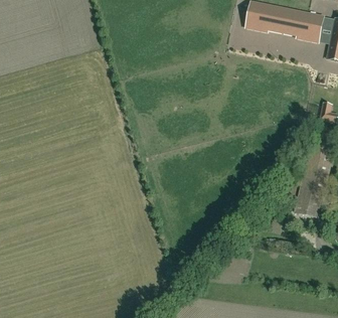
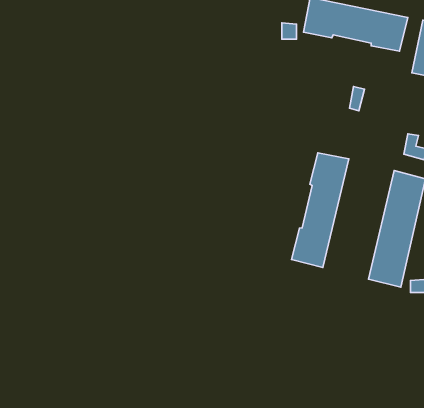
building: none -> [291,153,349,268]

